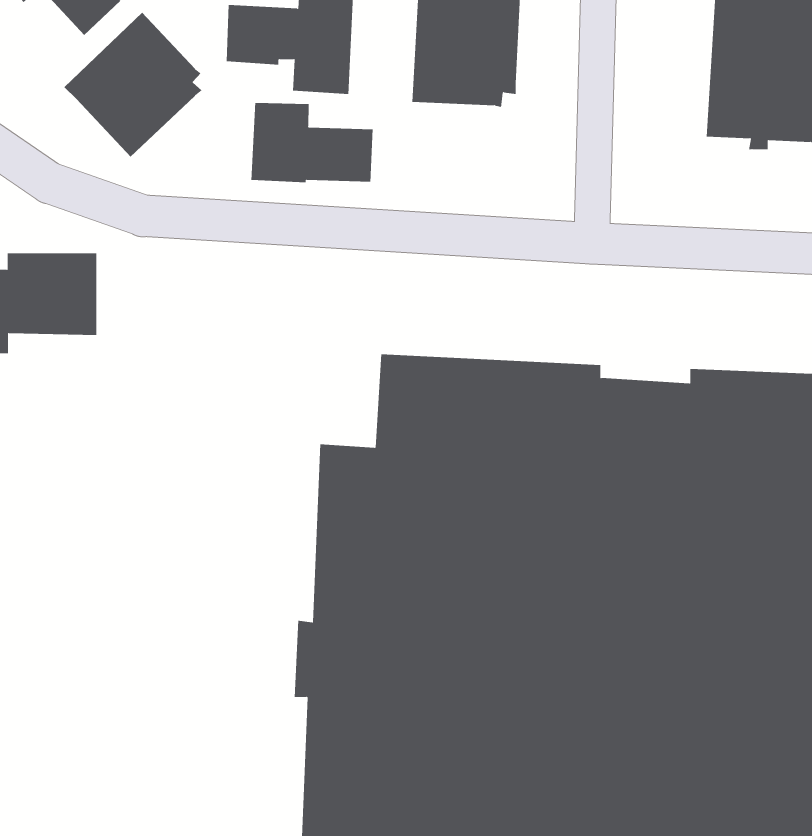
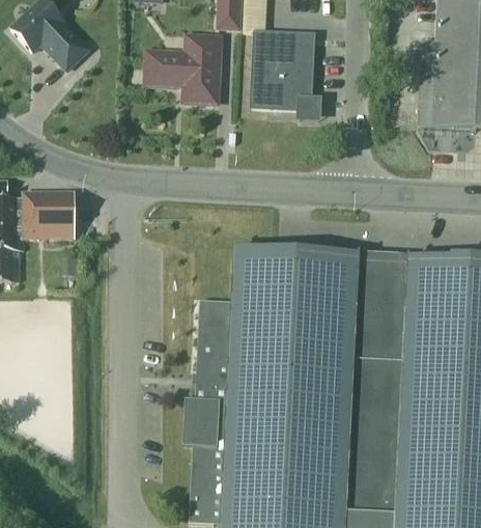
building: [63,12,202,158] -> none
building: [251,102,373,183] -> none

